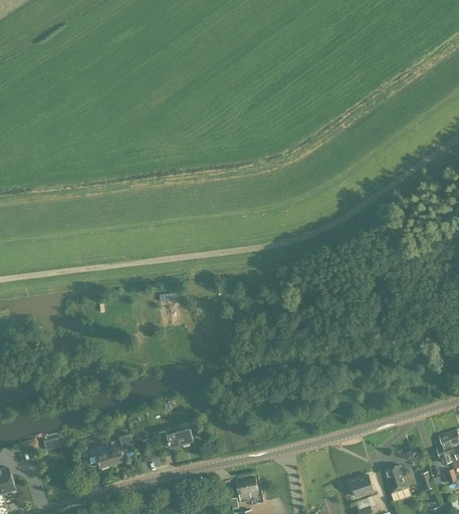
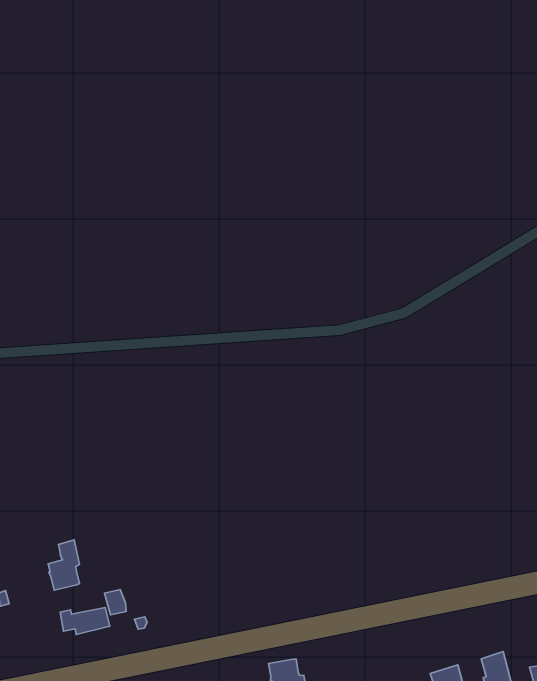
building: none -> [48,540,80,590]
building: [159,429,194,449] -> none

